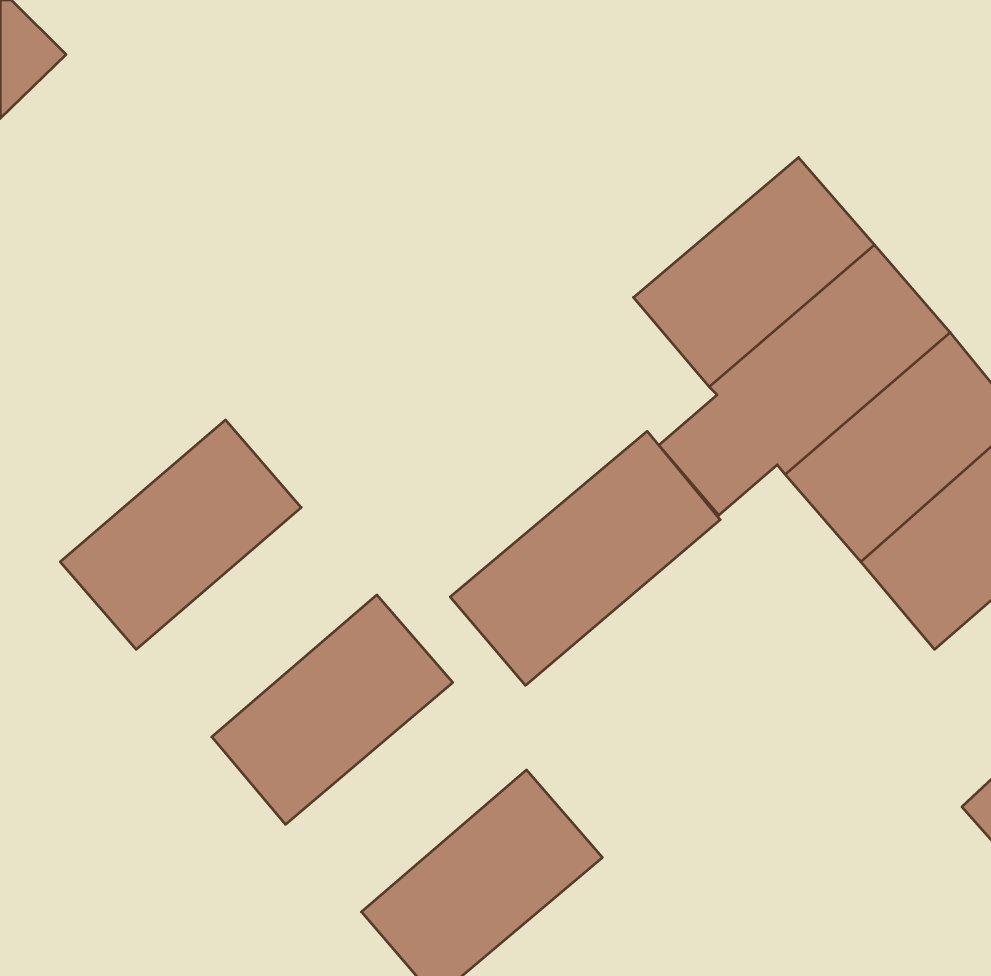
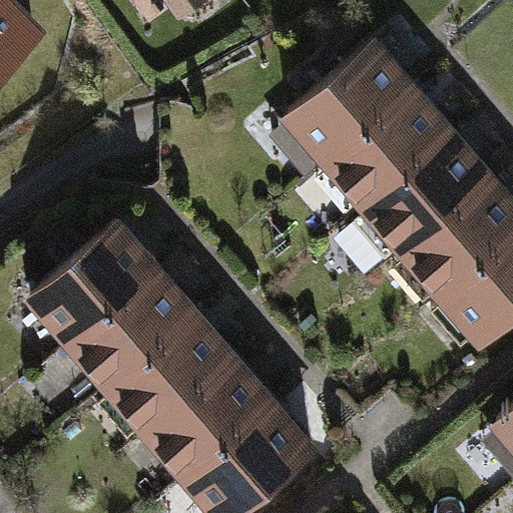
building: none -> [289,44,413,162]
building: [450,431,720,685] -> none
building: none -> [71,271,195,389]
building: none -> [148,361,273,479]

